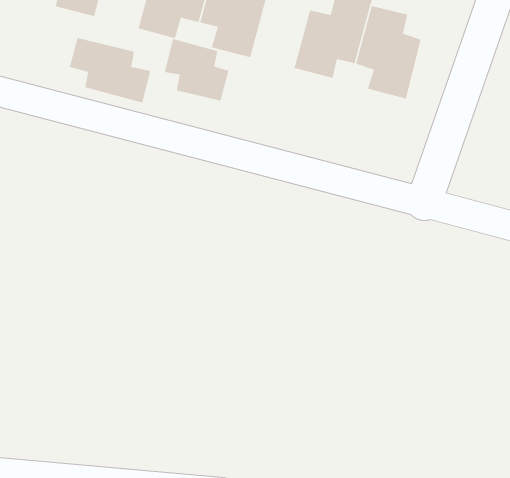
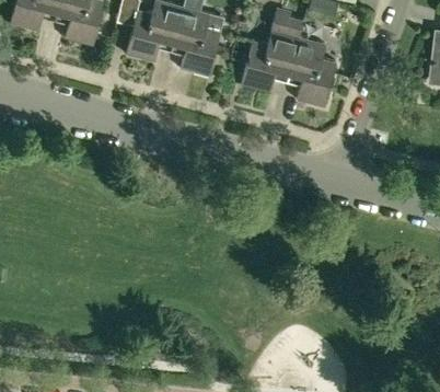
building: [69,37,151,104] -> none
building: [164,38,230,102] -> none

